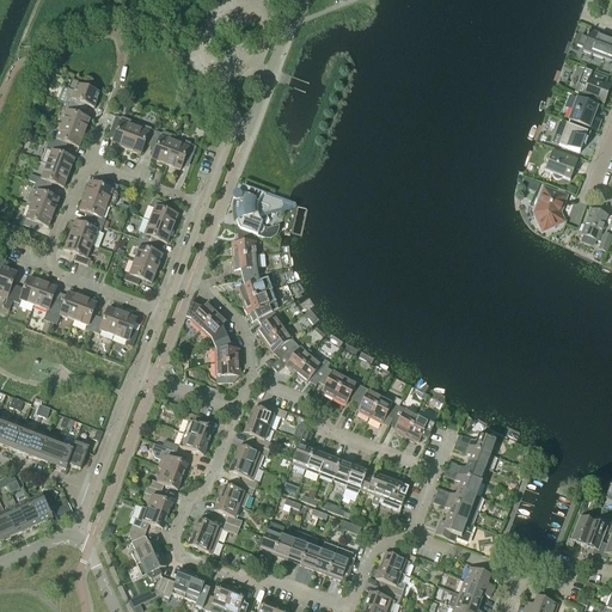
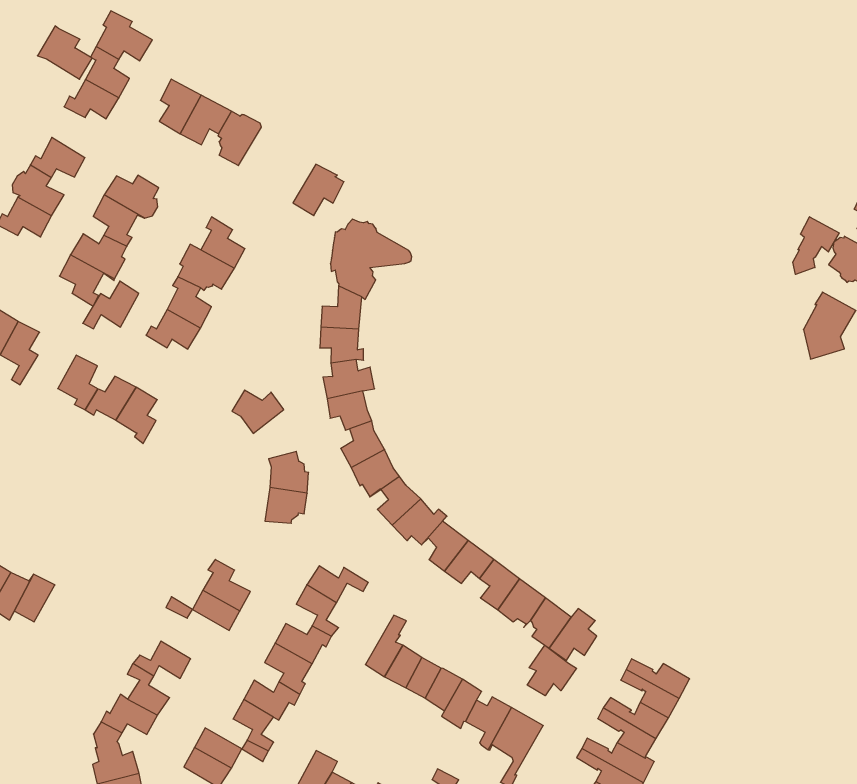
building: [165,136,195,169] -> [293,164,344,216]
building: none -> [793,217,839,274]
building: [39,141,74,172] -> [37,26,92,79]
building: [49,290,81,323] -> [83,281,139,329]
building: [200,311,228,343] -> none
building: none -> [527,645,577,696]
building: [151,442,186,476] -> none

